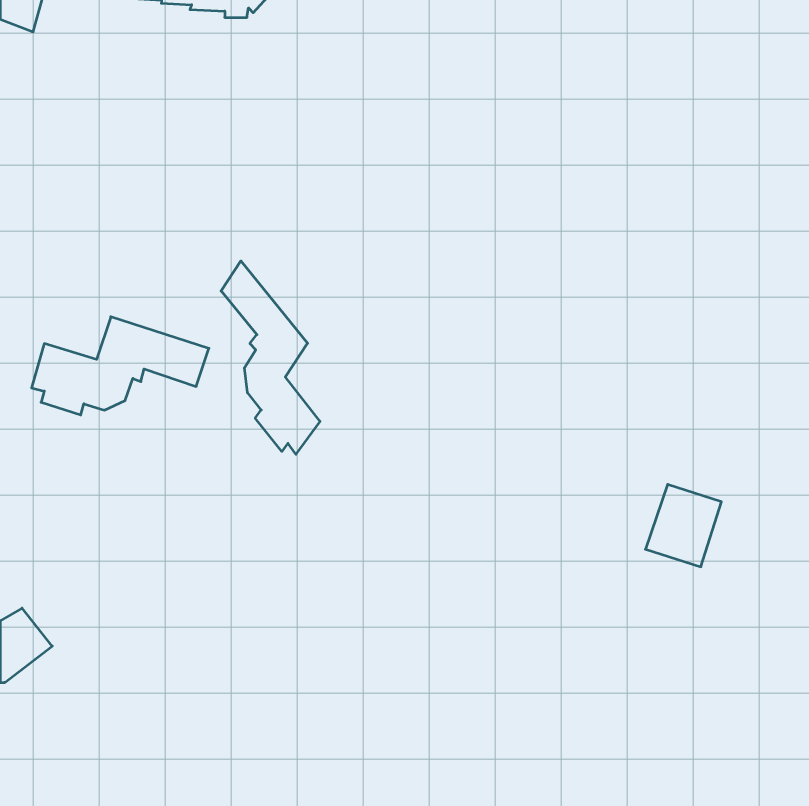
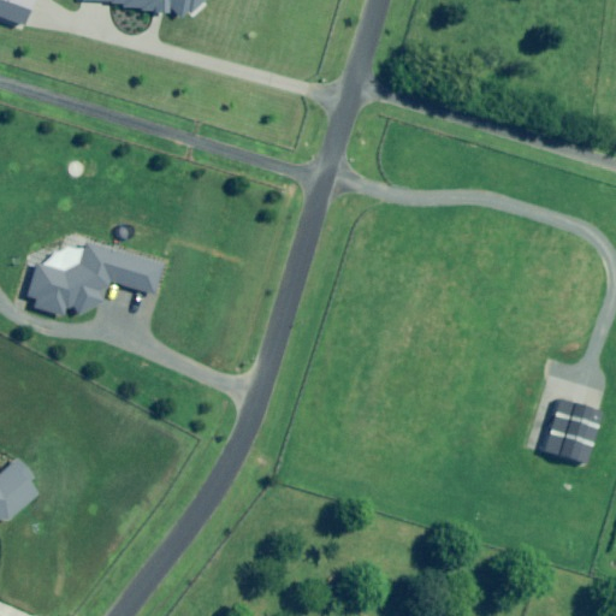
building: [221,261,320,454] -> none
building: [645,484,721,567] -> [543,398,600,461]

